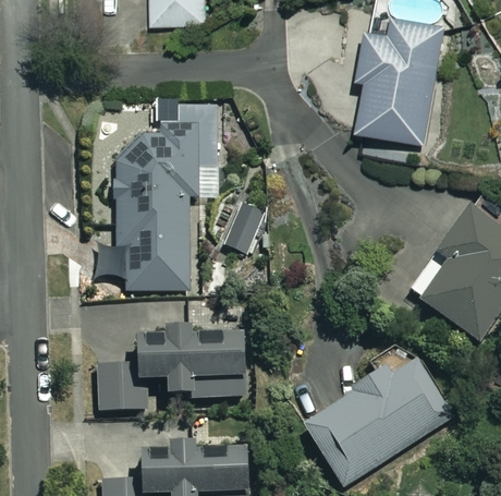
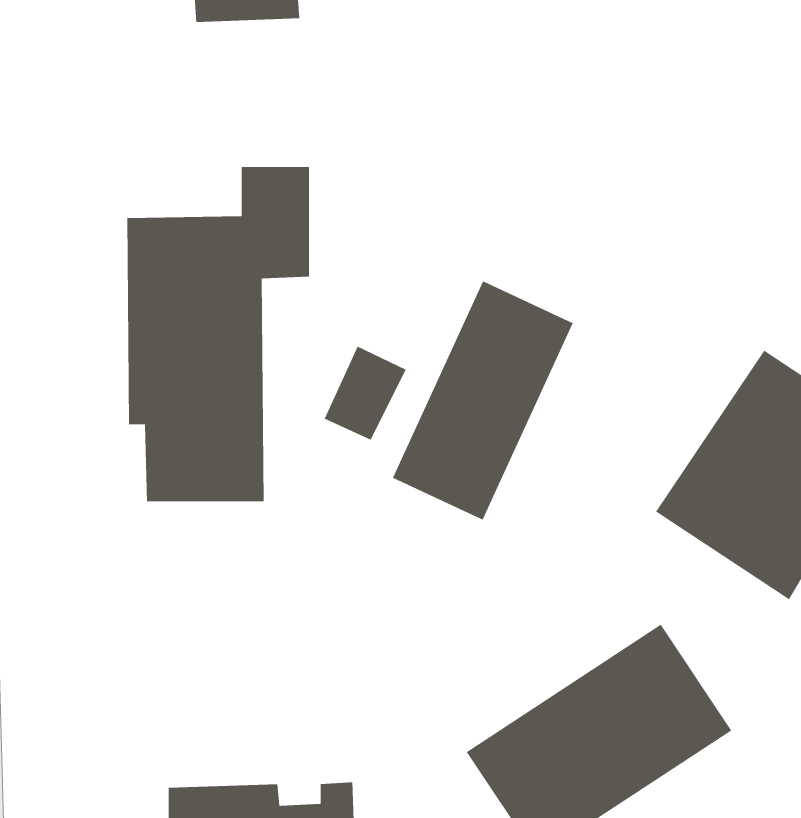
building: [359,19,444,143] -> none
building: none -> [392,280,574,521]
building: [97,327,246,410] -> none

